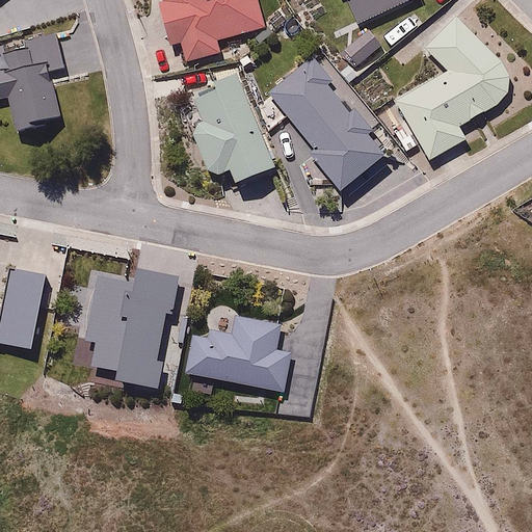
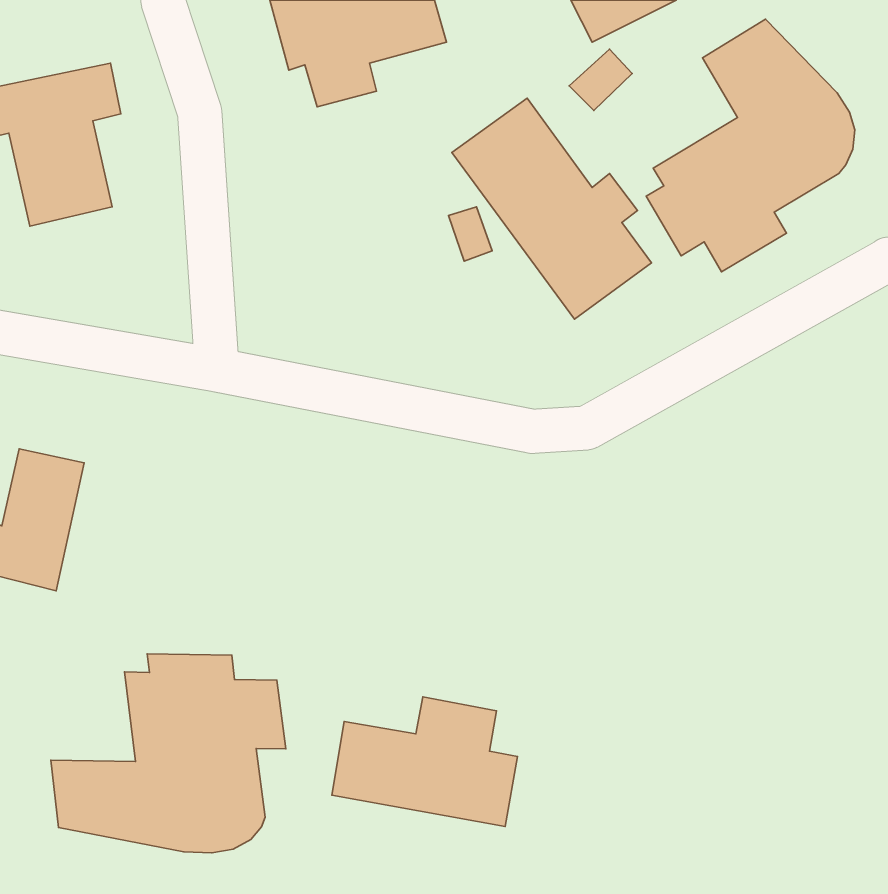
building: [189,73,276,184] -> none
building: [81,265,171,384] -> none
building: [183,315,293,392] -> [332,697,517,827]
building: none -> [51,654,286,853]

